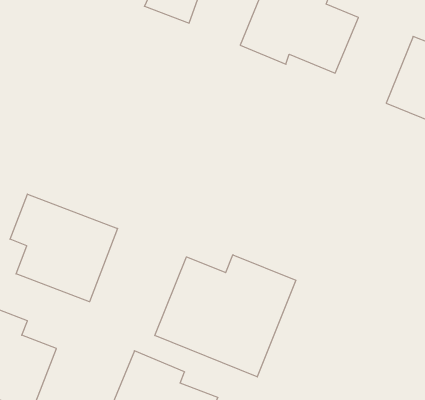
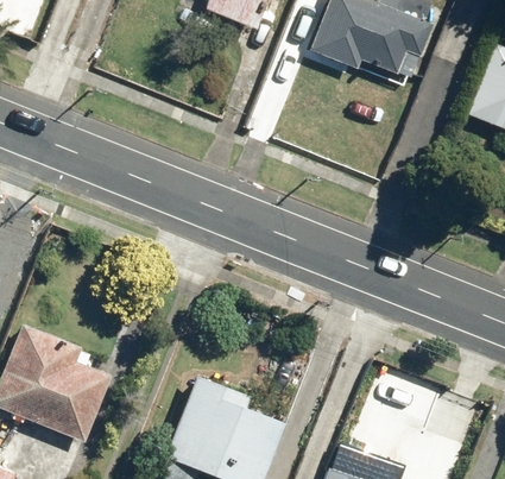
building: [10,194,118,302] -> none
building: [155,255,296,377] -> none

